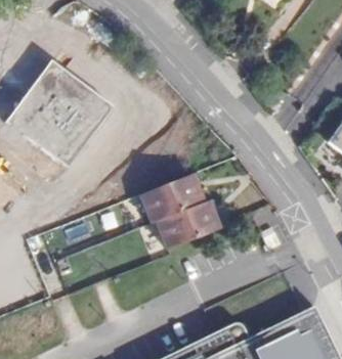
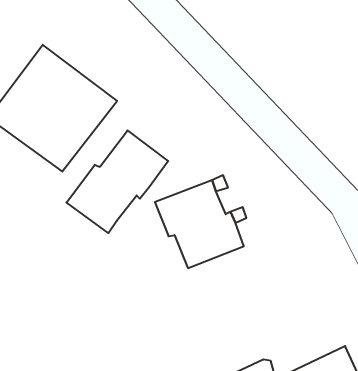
building: none -> [66,130,168,233]

